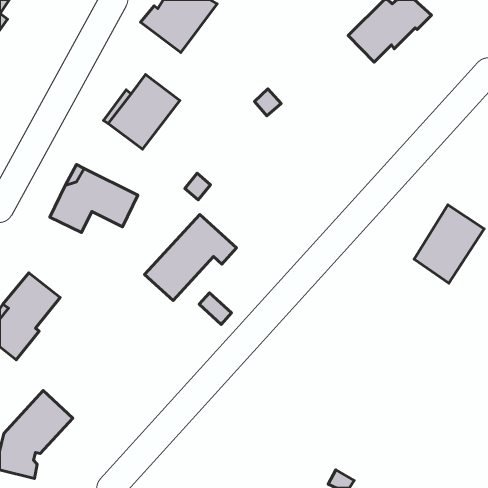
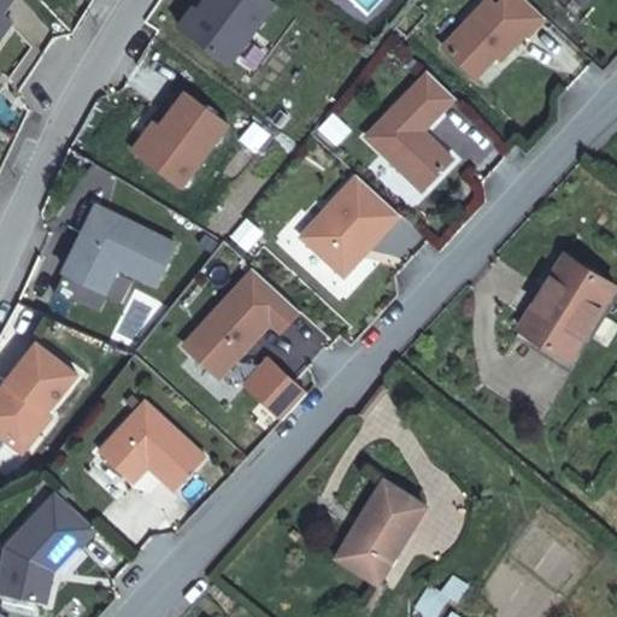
building: none -> [364,72,453,192]
building: none -> [299,177,398,277]
building: none -> [98,402,205,490]
building: none -> [337,481,422,578]

